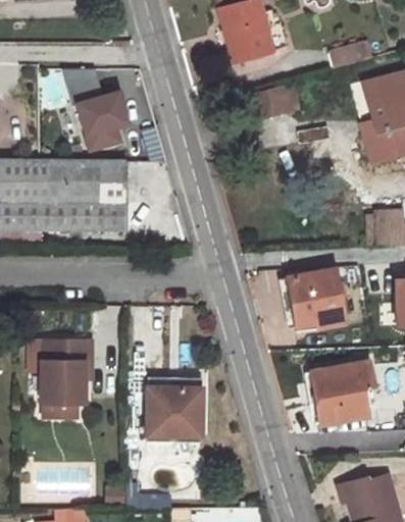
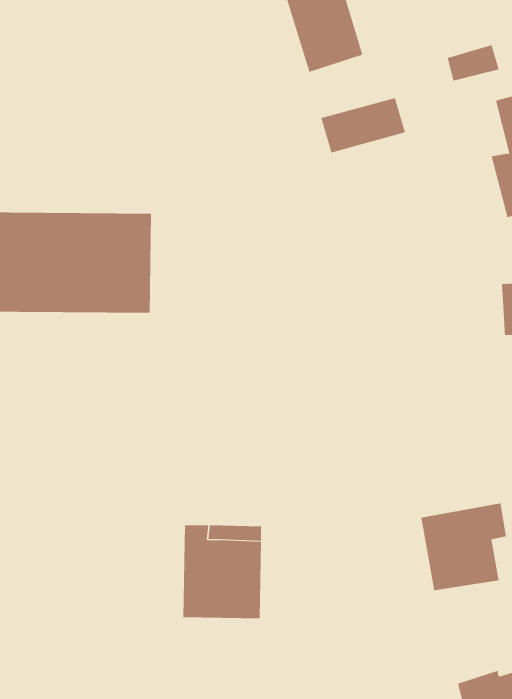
building: [66,64,130,152] -> none
building: [287,270,344,327] -> none
building: [41,341,92,403] -> none

